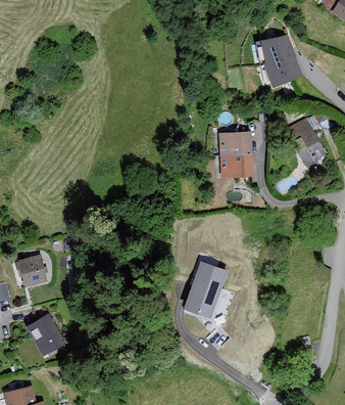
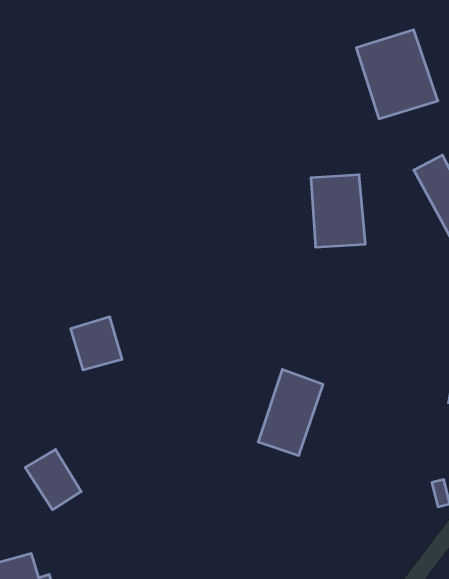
building: [15,254,50,289] -> [71,317,122,370]

